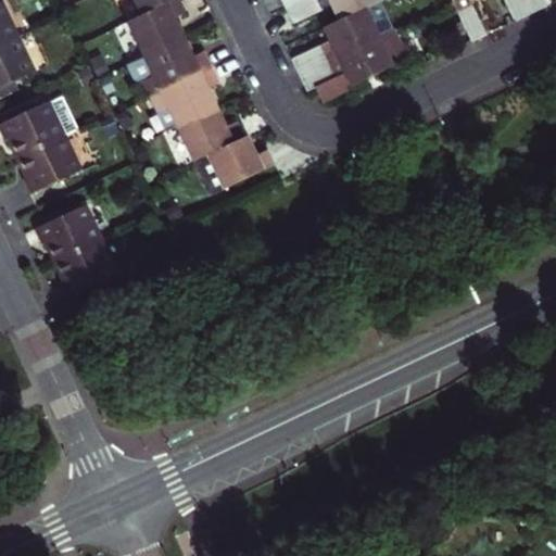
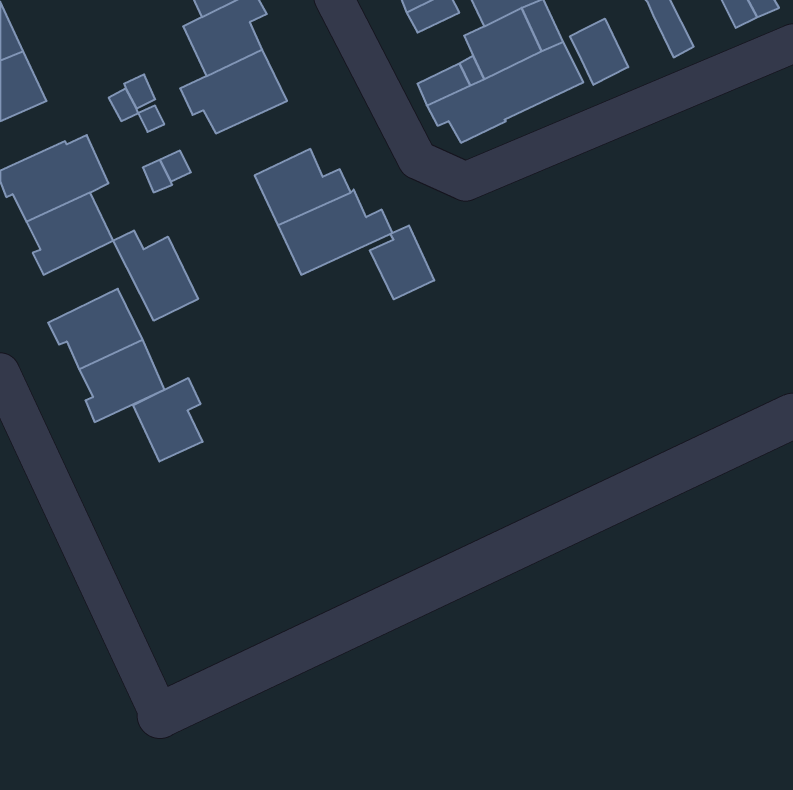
building: none -> [570,19,628,85]
building: [151,71,217,128] -> none
building: none -> [370,225,434,299]
building: none -> [113,230,198,321]
building: none -> [133,378,203,462]

